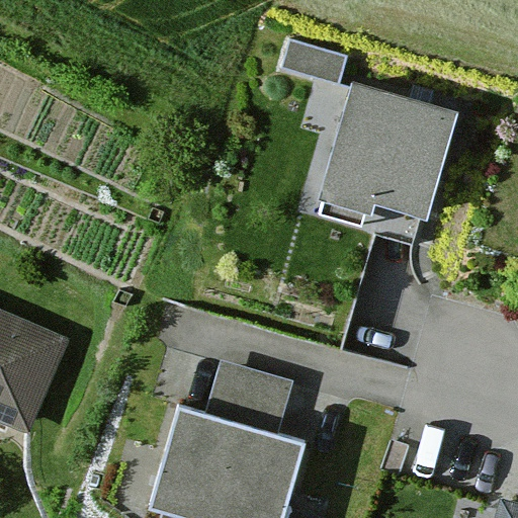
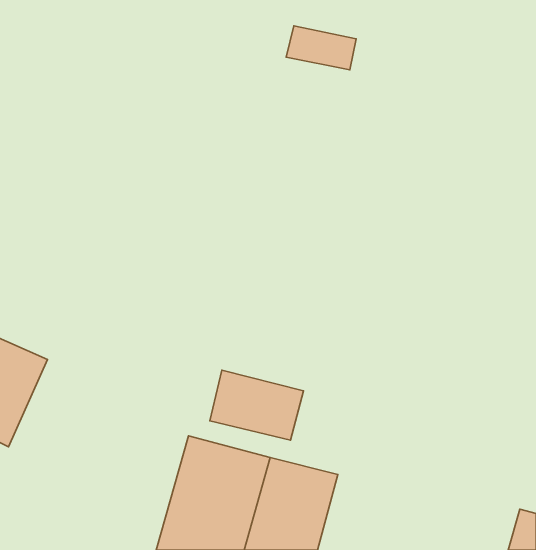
building: [320,90,459,230] -> none

